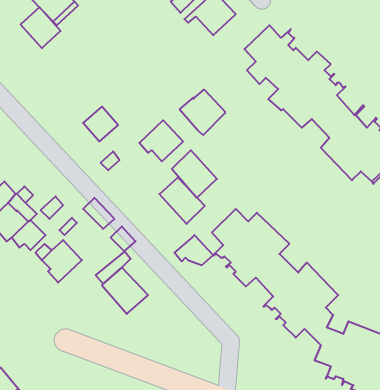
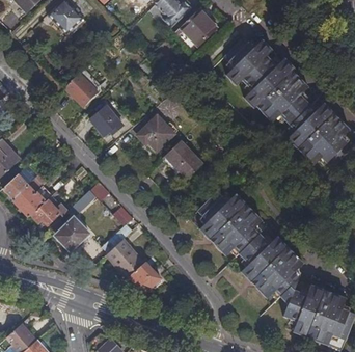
building: [21,7,61,48] -> [63,73,97,107]
building: [180,90,225,135] -> none
building: [159,177,205,224] -> none
building: [174,235,213,265] -> [129,261,161,286]

